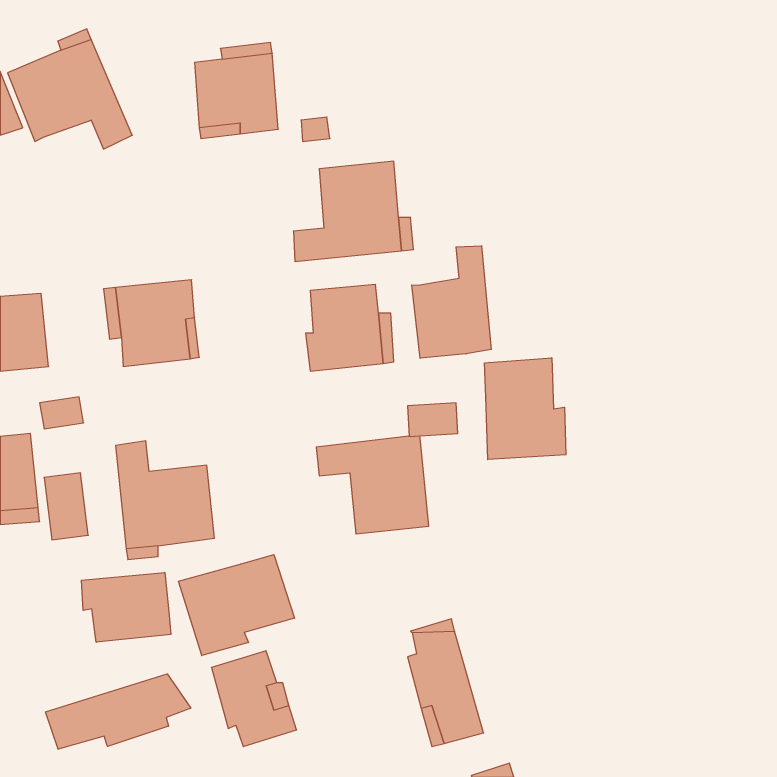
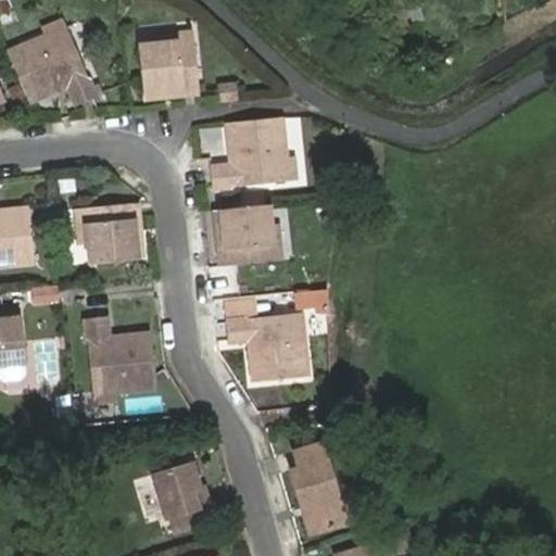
building: [412,246,491,358] -> none
building: [485,358,566,460] -> none
building: [179,555,295,656] -> none
building: [81,572,171,642] -> none
building: [46,674,191,749] -> none

